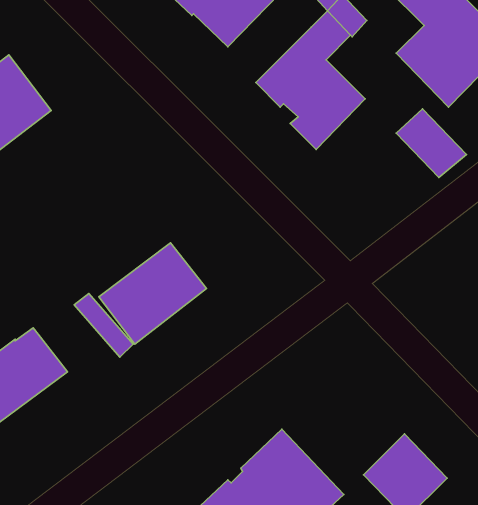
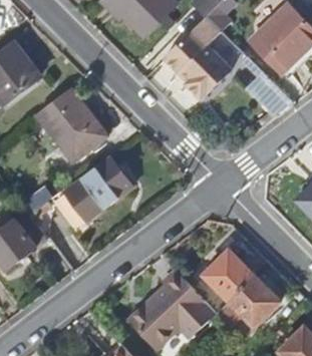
building: none -> [35,87,116,174]
building: none -> [204,251,254,301]

